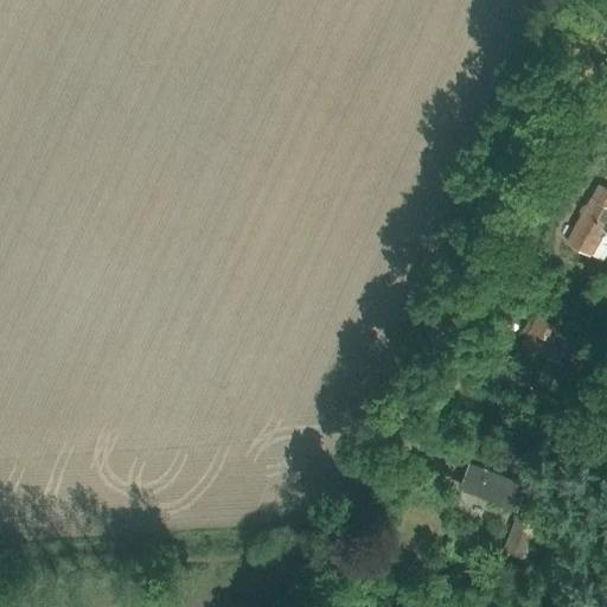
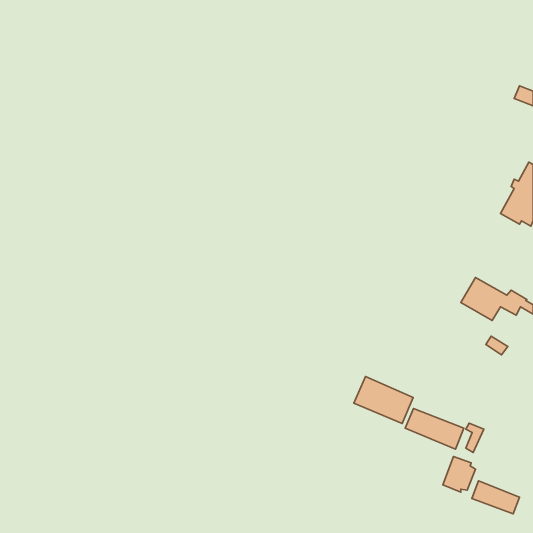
building: none -> [354,376,413,423]
building: none -> [472,481,519,514]

